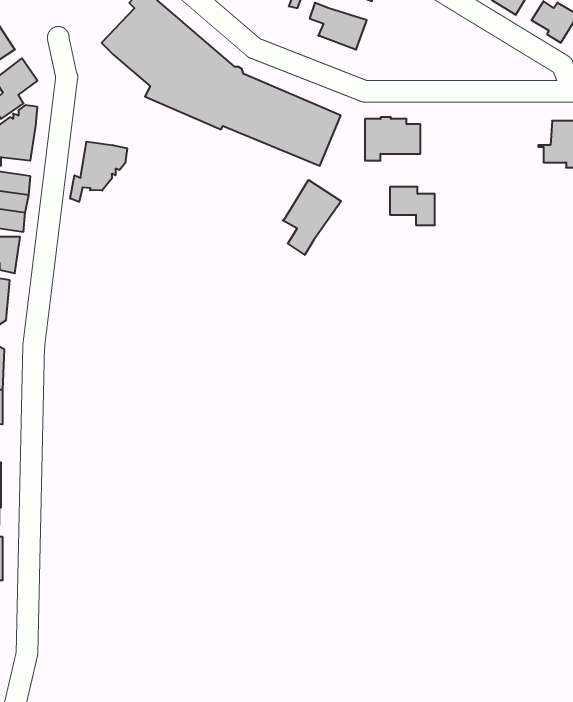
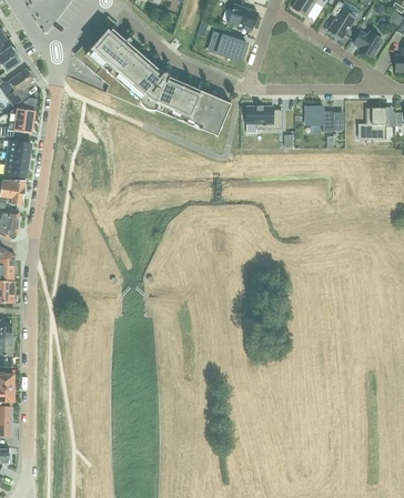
building: [70,142,127,202] -> none
building: [283,180,341,255] -> none
building: [390,187,435,225] -> [305,105,334,130]

